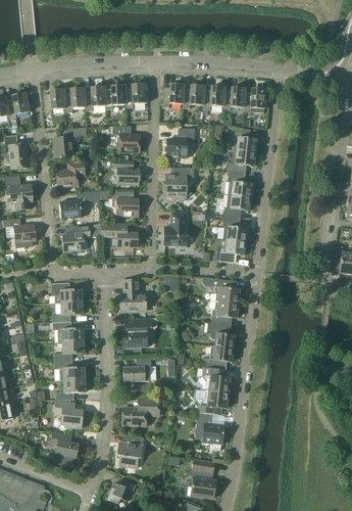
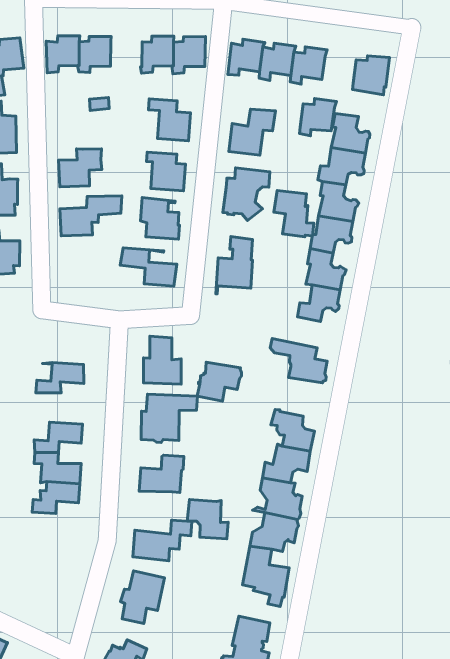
building: [85,85,106,110] -> none
building: [223,86,246,110] -> [300,98,336,136]
building: [53,136,73,157] -> none
building: none -> [274,190,314,237]
building: [62,224,101,250] -> none
building: [51,282,82,303] -> none
building: [211,300,239,325] -> [198,362,242,401]
building: [52,321,84,341] -> none
building: none -> [187,500,228,539]
building: [53,400,83,429] -> none
building: [51,431,79,466] -> none

